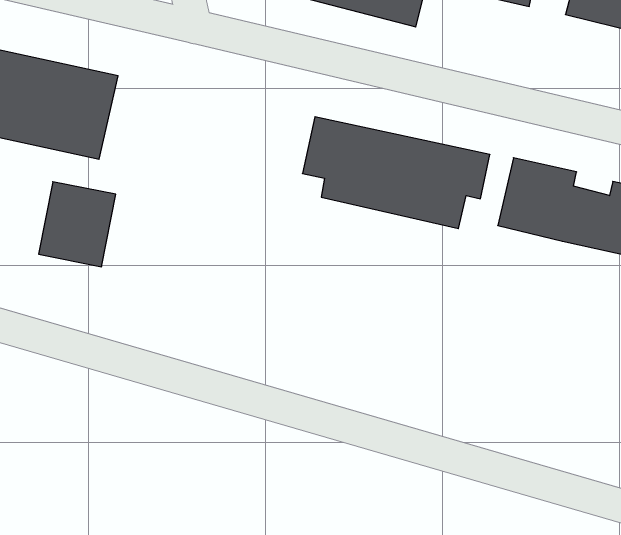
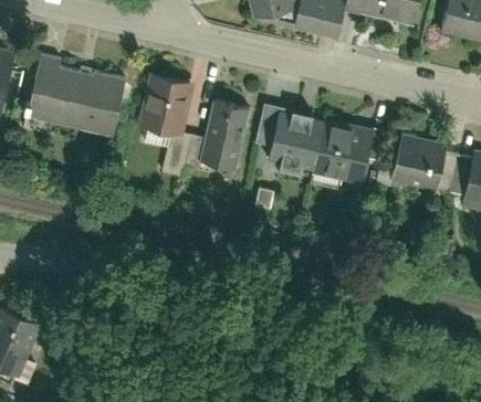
building: none -> [198,98,250,171]
building: [39,182,116,267] -> [139,74,194,134]

